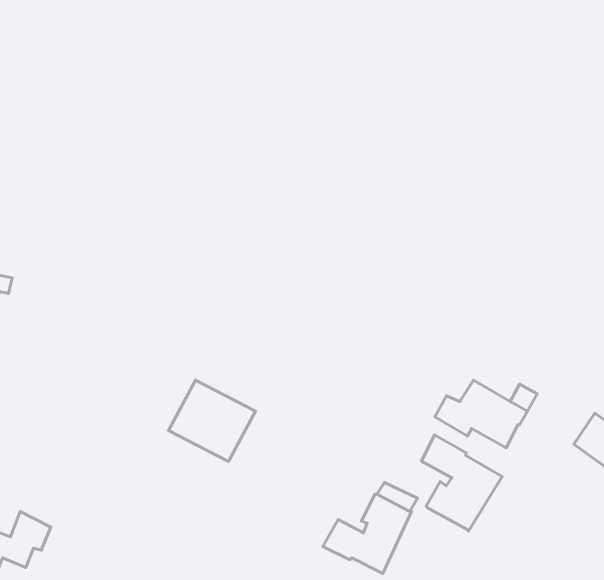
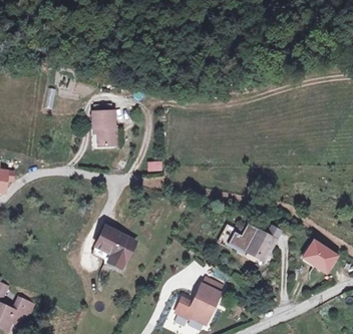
building: none -> [97,113,121,149]
building: [422,435,502,531] -> none

